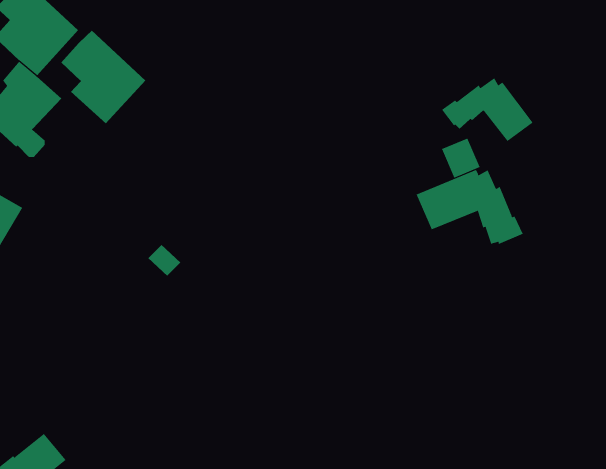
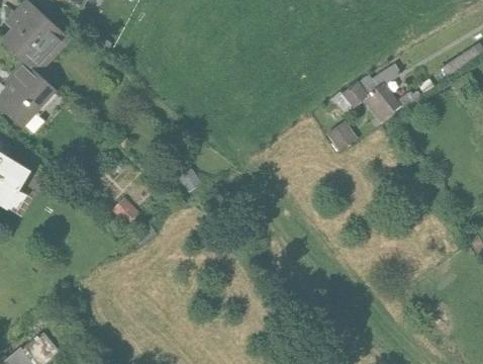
building: [60,30,146,124] -> none
building: [416,169,523,245] -> none

